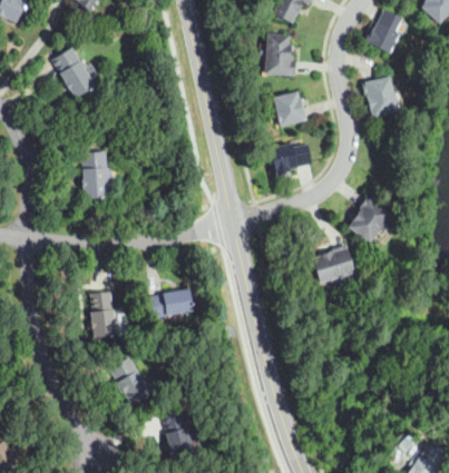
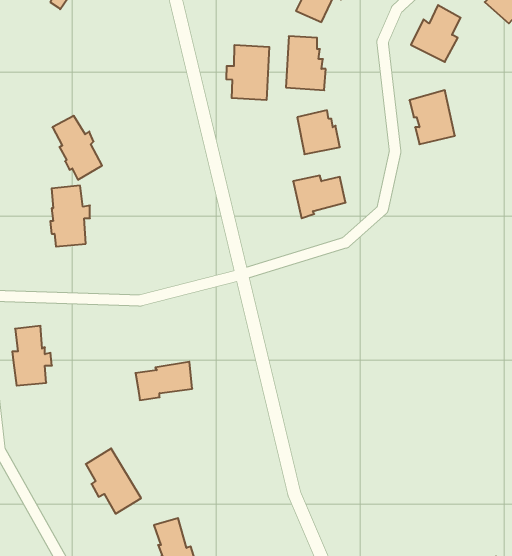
building: none -> [226,45,269,100]
building: [55,47,94,97] -> [52,116,102,180]
building: [349,196,391,243] -> none
building: [312,244,354,283] -> none
building: [88,290,119,337] -> [12,326,52,386]

